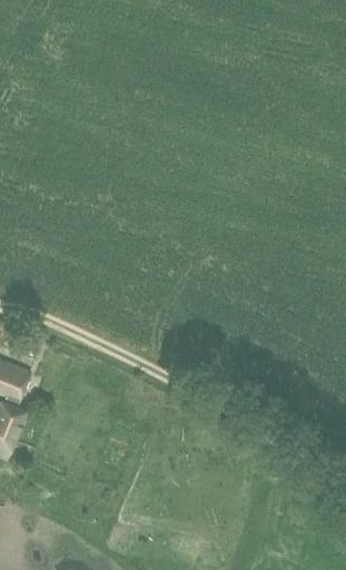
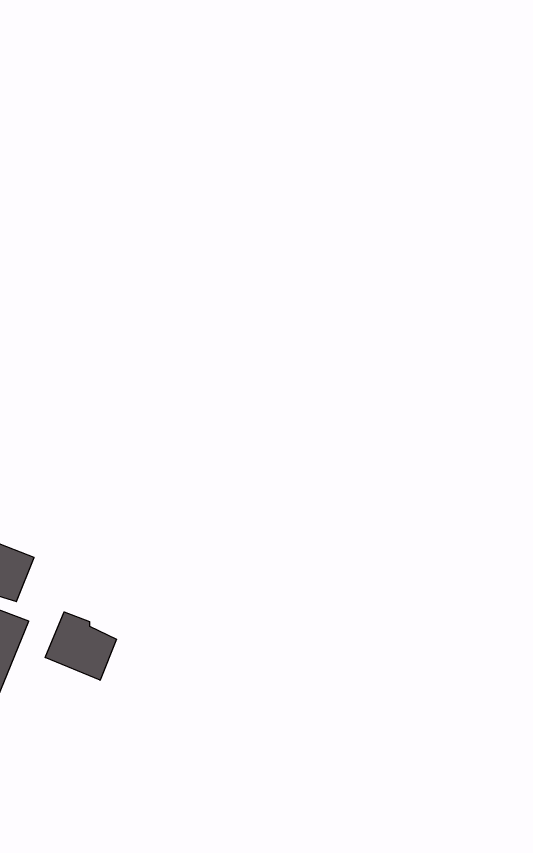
building: none -> [45,612,116,680]

